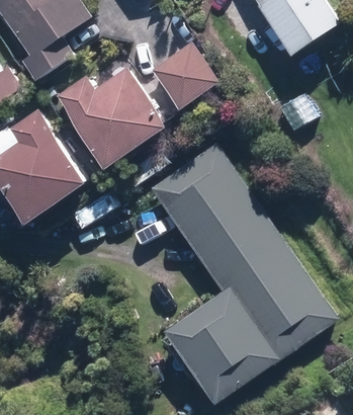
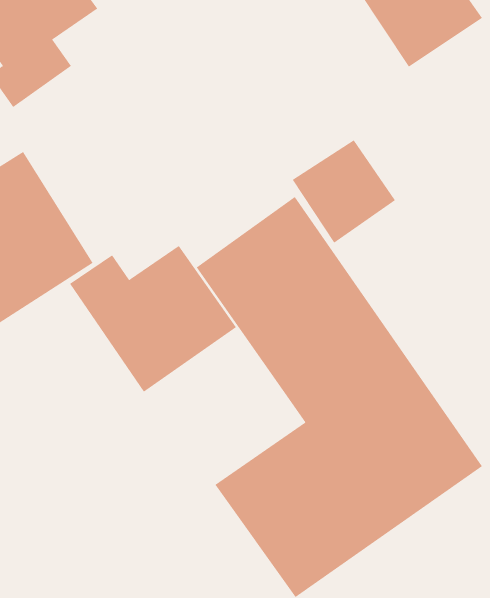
building: [151,43,218,110] -> [292,140,396,244]
building: [55,72,164,168] -> [69,245,237,392]

